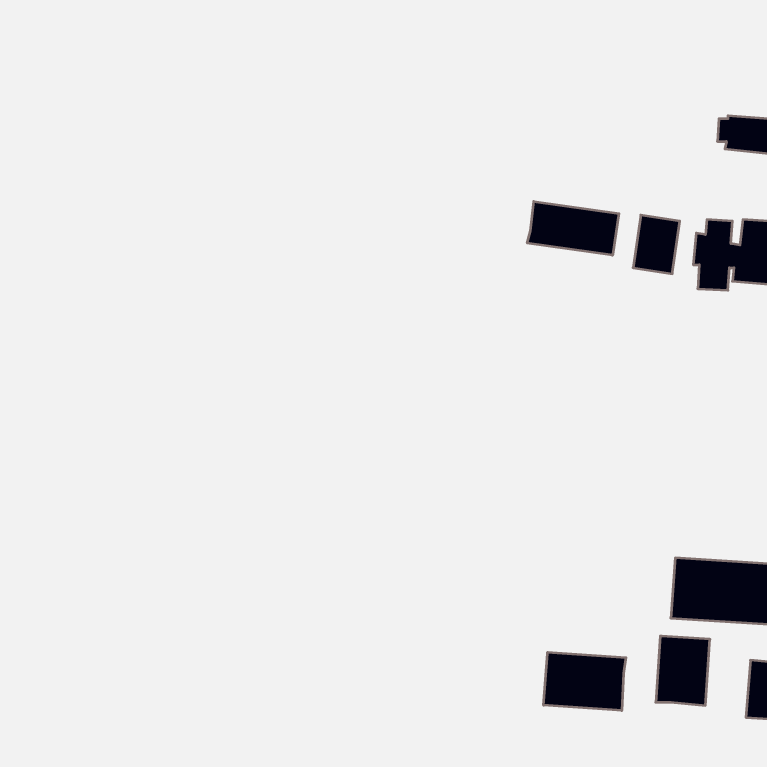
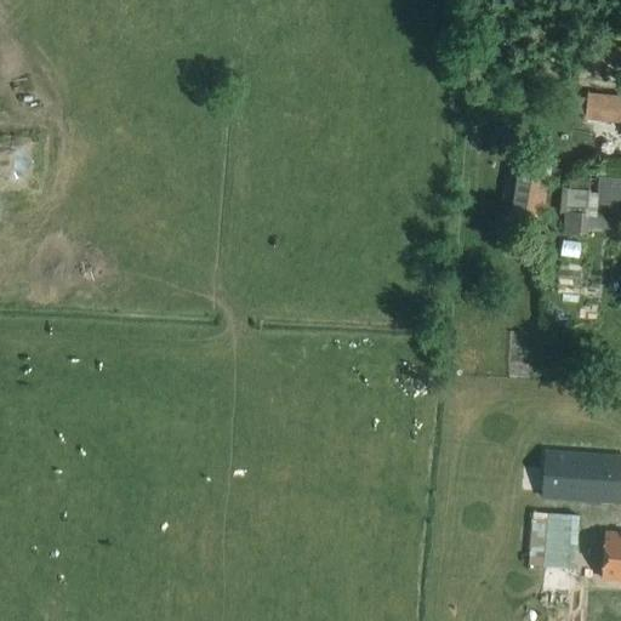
building: [527,201,619,255] -> none
building: [544,652,626,711] -> none

